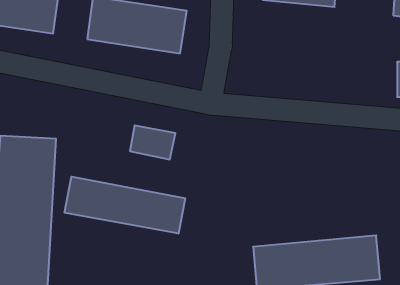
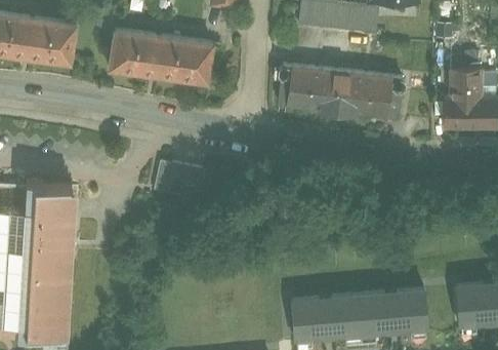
building: none -> [278,64,397,122]
building: [65,177,185,234] -> none

